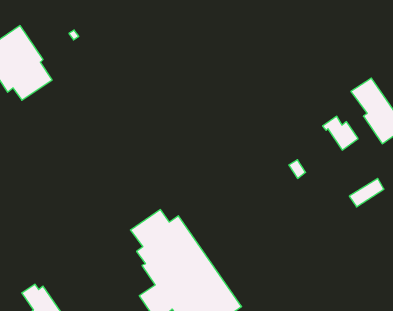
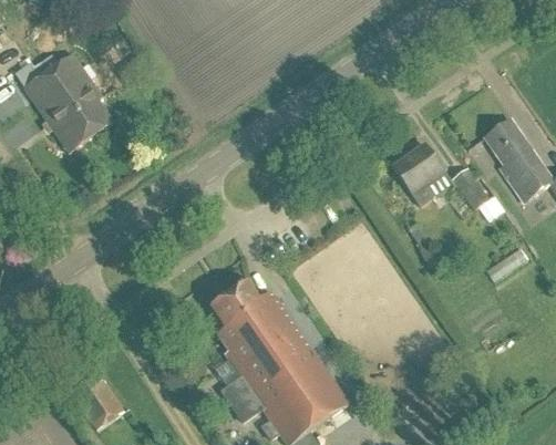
building: none -> [391,142,444,204]

